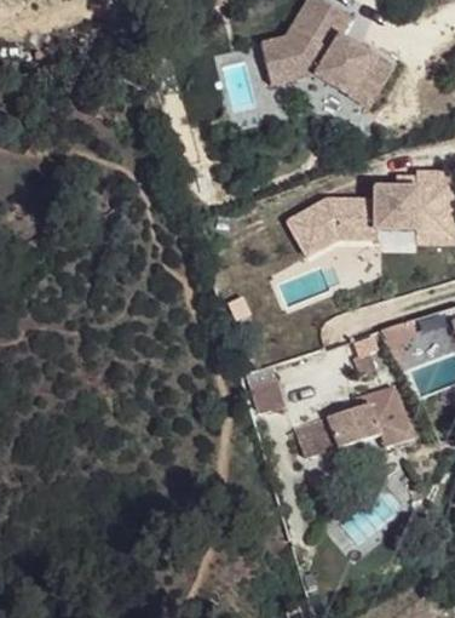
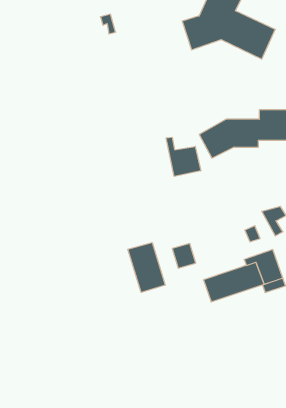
building: none -> [166,137,201,176]
building: none -> [128,243,165,292]

